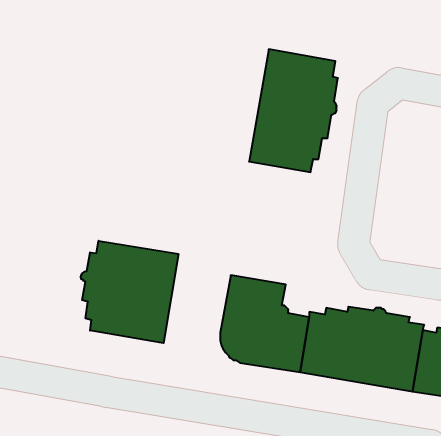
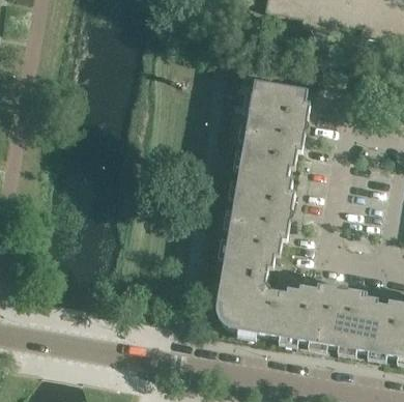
building: none -> [224,169,294,267]
building: [81,241,178,343] -> none

